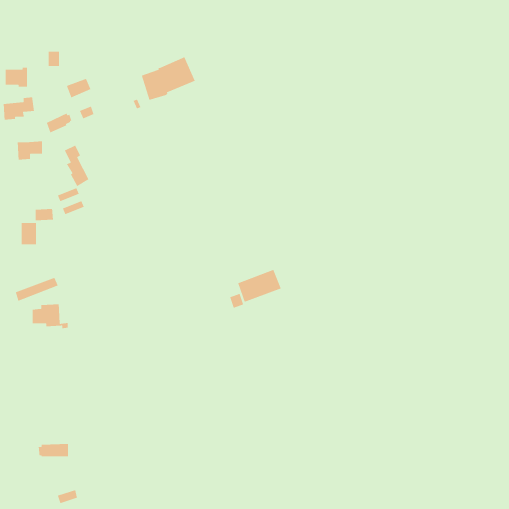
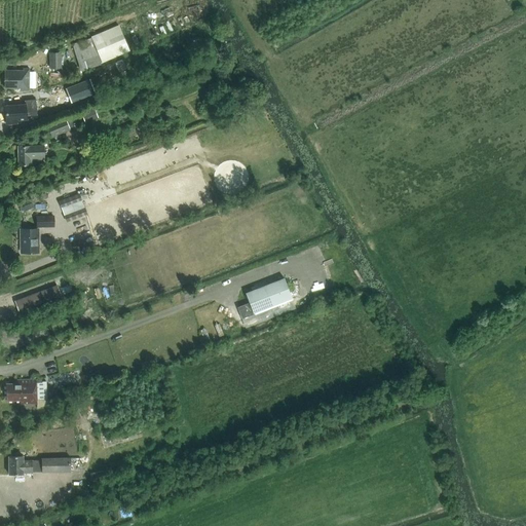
building: [141,56,196,101] -> [72,25,128,71]
building: [64,145,89,187] -> none
building: [32,303,69,329] -> [6,379,44,406]
building: none -> [9,456,40,474]

